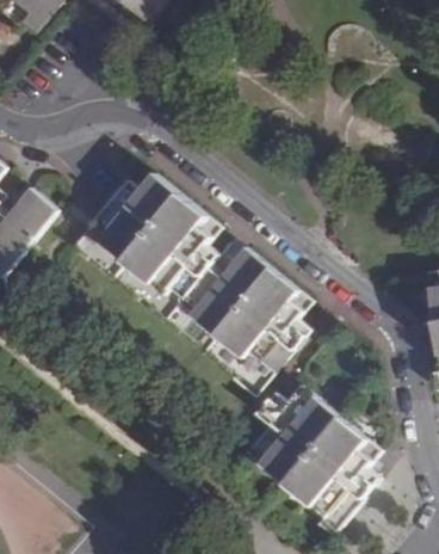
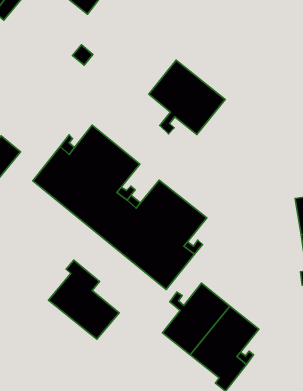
building: none -> [149,60,225,135]
building: none -> [48,260,119,339]

